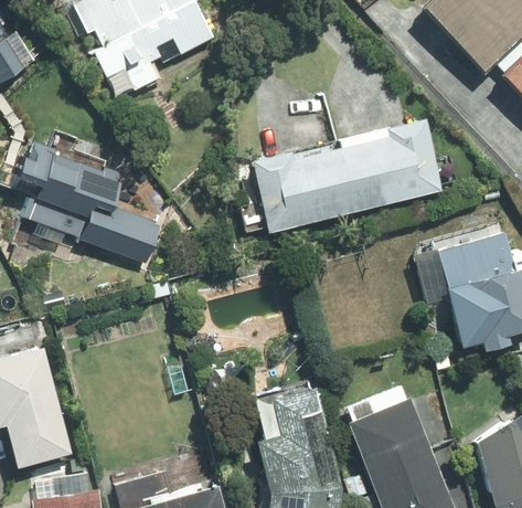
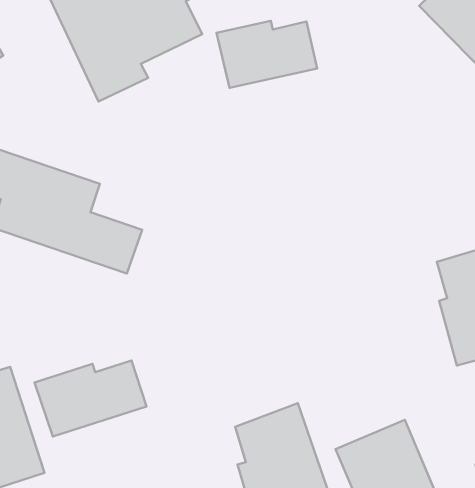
building: none -> [217,21,317,88]
building: [251,119,446,230] -> none
building: none -> [34,360,146,437]

